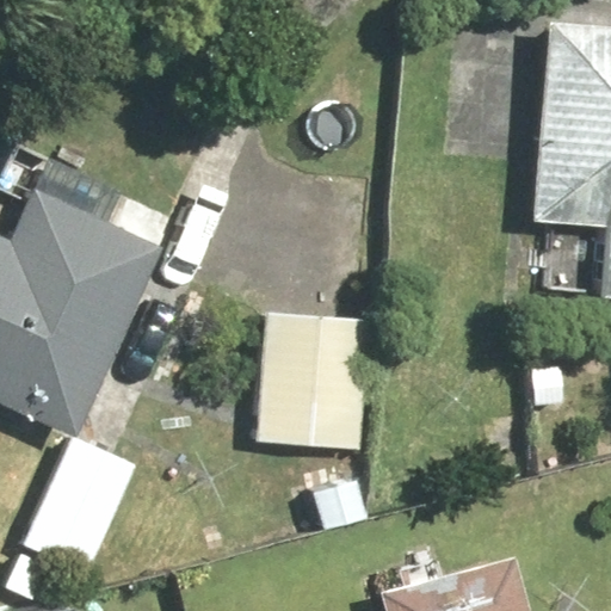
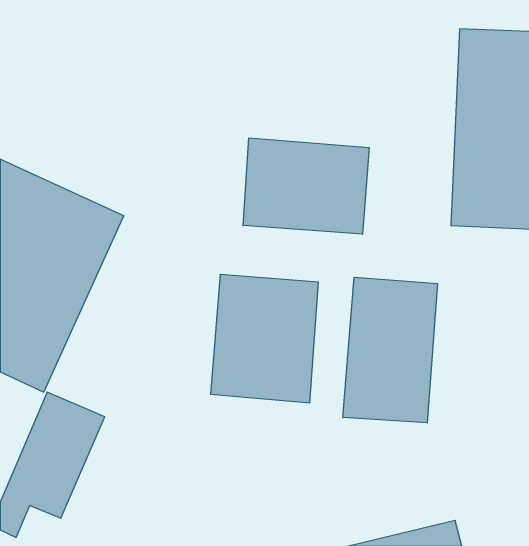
building: none -> [243,138,369,234]
building: none -> [343,277,437,423]

